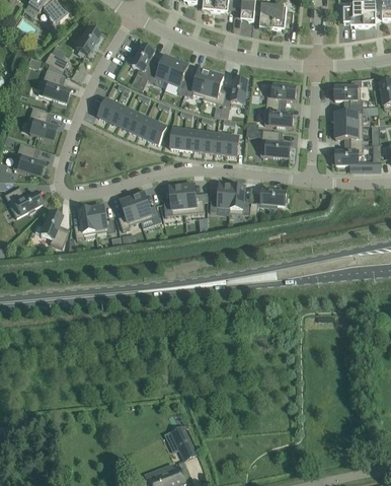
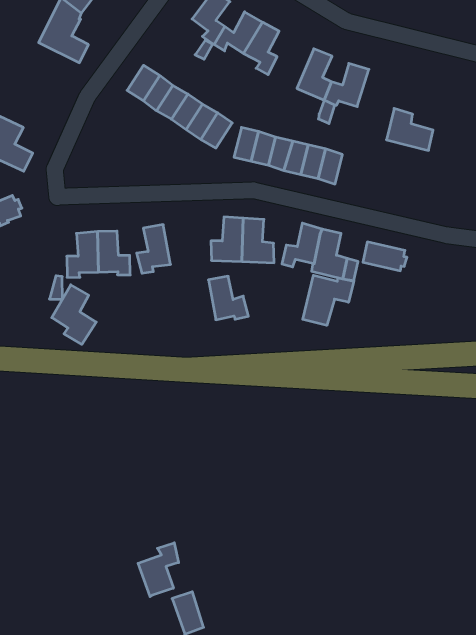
building: [184,68,211,98] -> none
building: [266,83,296,105] -> none
building: [27,106,56,139] -> none
building: [260,129,290,156] -> none
building: [132,192,160,220] -> [208,276,248,320]
building: [40,210,68,247] -> [52,285,96,344]
building: none -> [303,275,354,325]
building: none -> [138,543,179,597]

